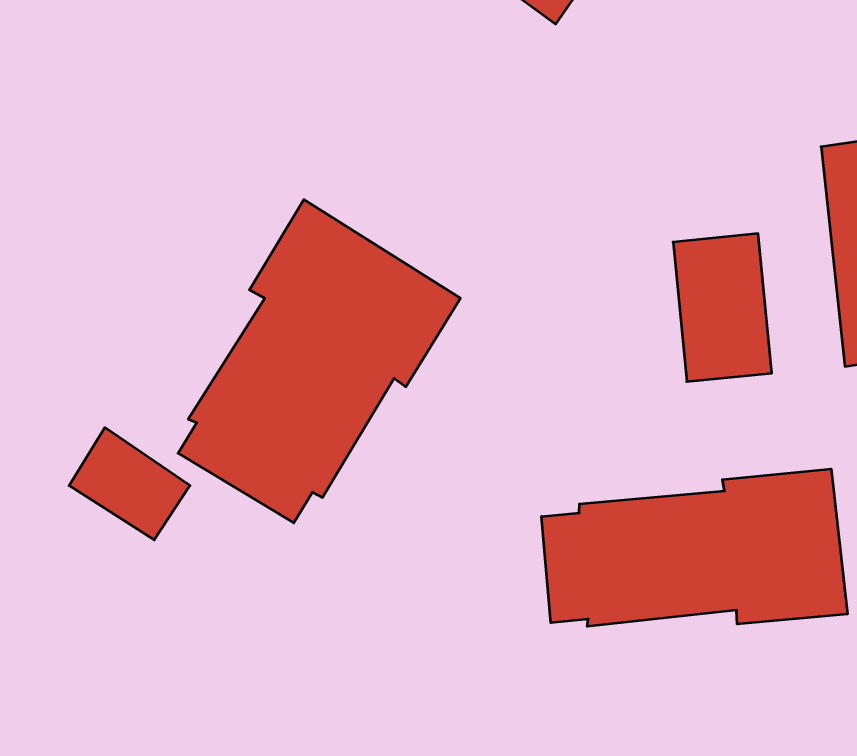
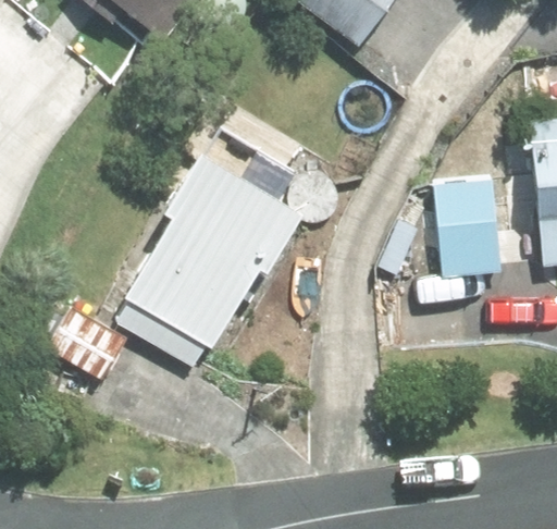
building: [542,469,847,626] -> none

